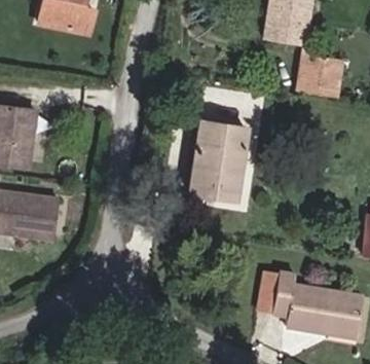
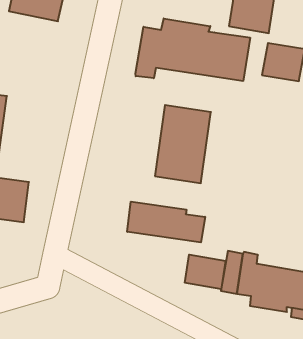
building: none -> [135,18,250,81]
building: none -> [127,202,205,242]
building: none -> [185,255,225,289]

